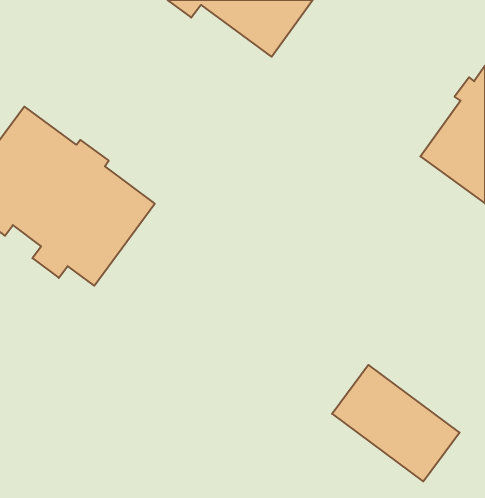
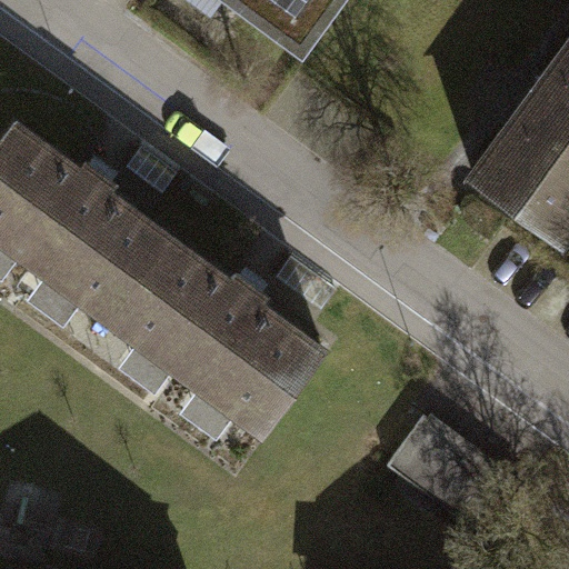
building: none -> [107,233,323,436]

